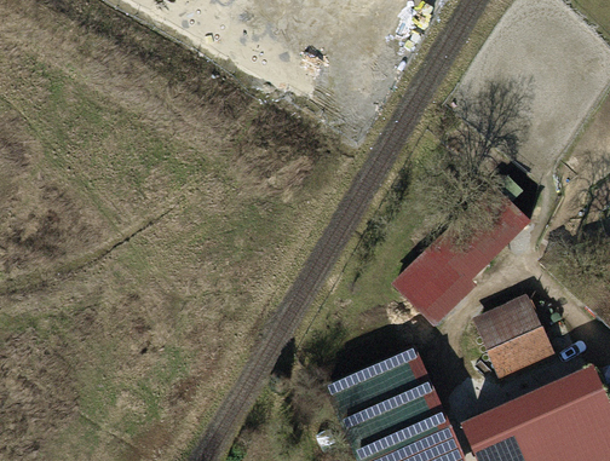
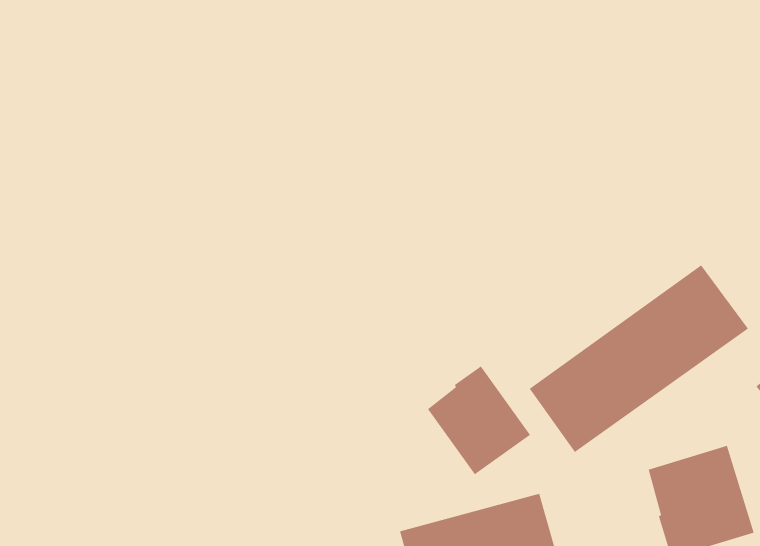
building: none -> [427,365,531,475]

